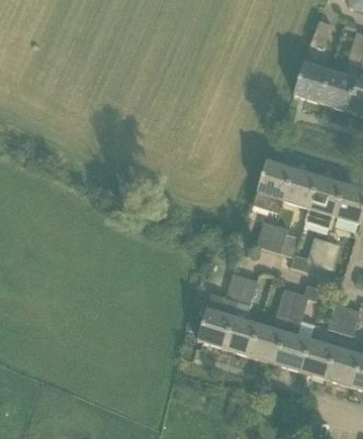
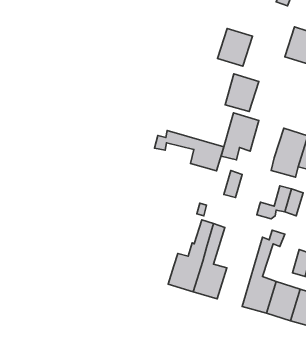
building: [293,63,330,102] -> [218,29,252,66]
building: [283,169,319,208] -> [225,74,259,112]
building: none -> [154,130,224,171]
building: [268,225,299,257] -> none
building: [249,288,296,363] -> none

